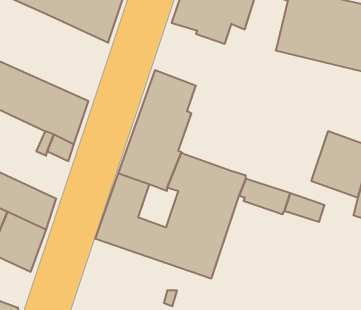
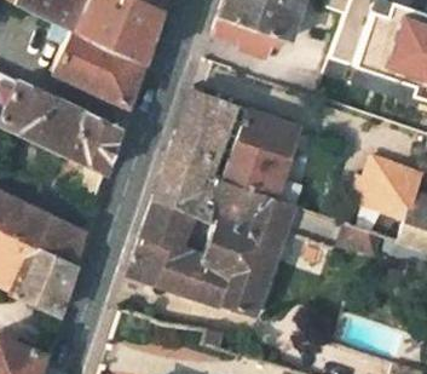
building: none -> [56,30,143,105]
building: none -> [226,113,302,202]

